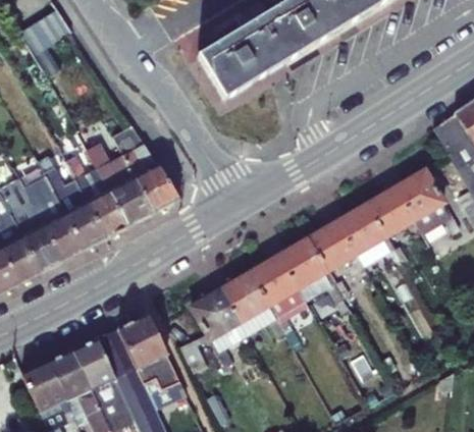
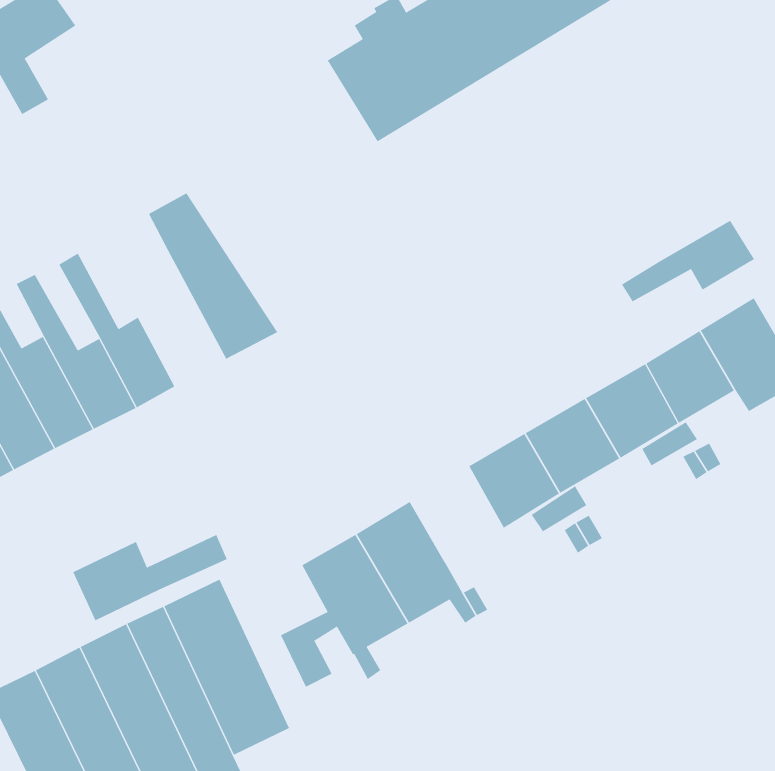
building: none -> [621,220,755,302]
building: [81,134,149,217] -> none
building: [246,259,295,309] -> none
building: none -> [73,534,228,621]

